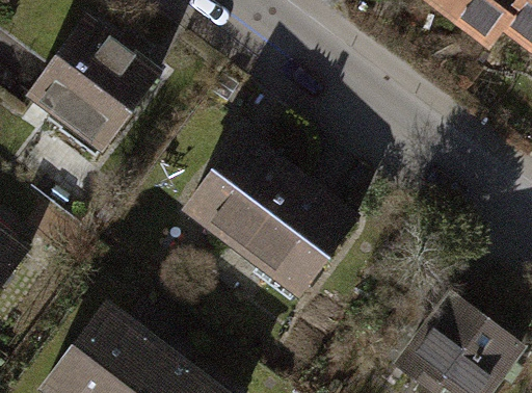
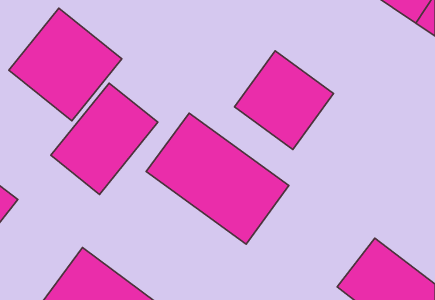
building: none -> [234,51,334,149]
building: none -> [51,83,158,194]

